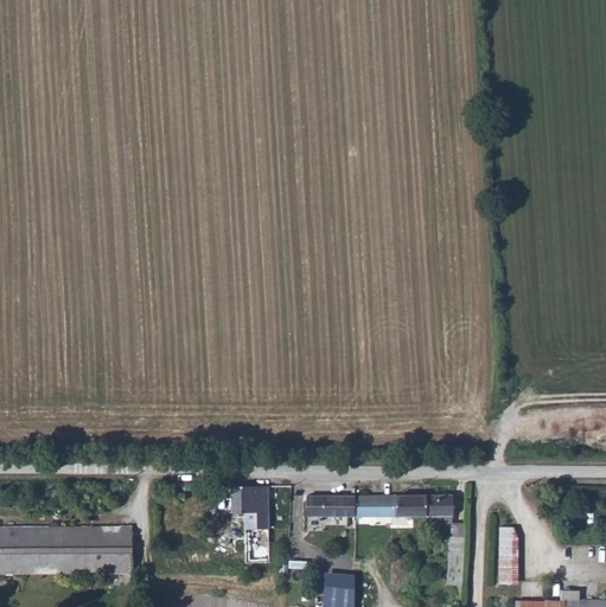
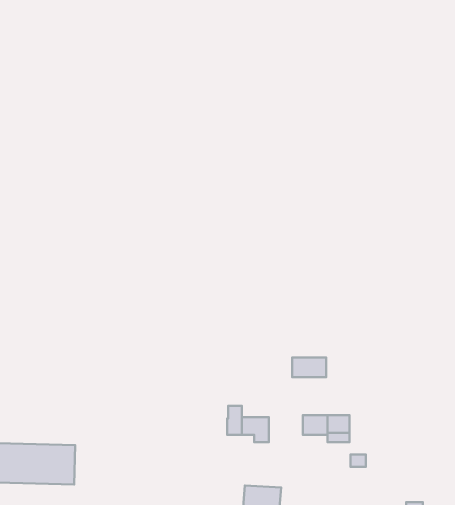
building: [230,483,269,560] -> none
building: [355,494,394,517] -> [292,358,326,377]
building: [497,523,518,582] -> none

